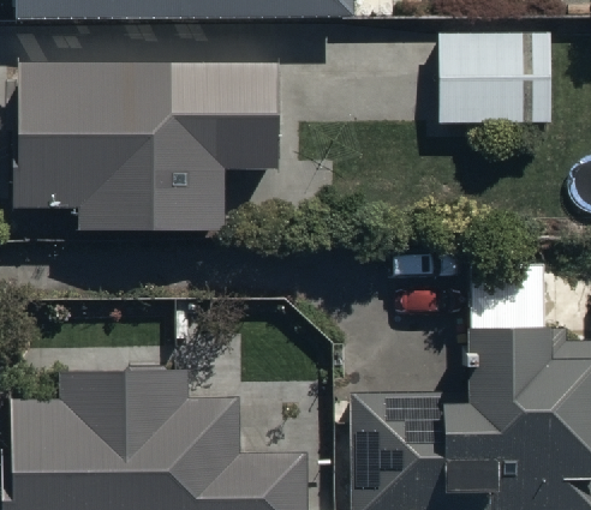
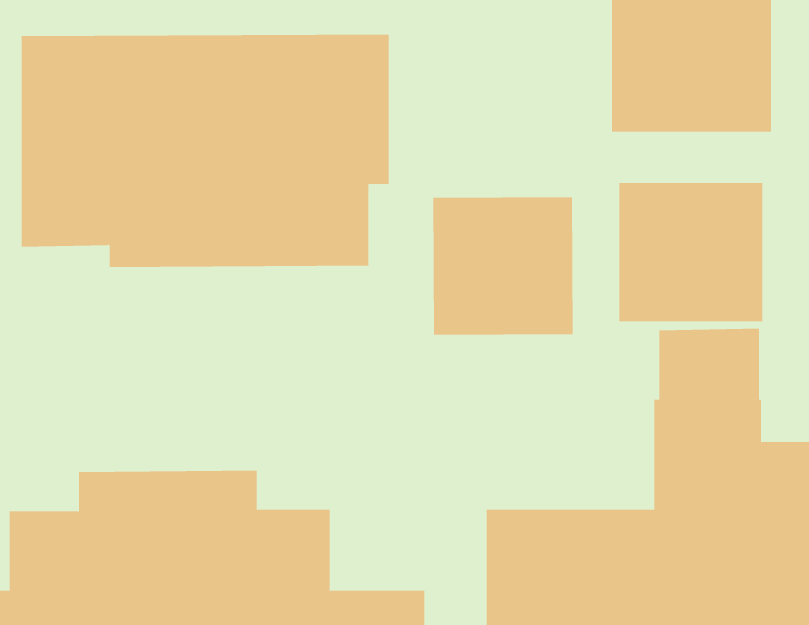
building: none -> [619,182,763,322]
building: none -> [433,196,573,335]

